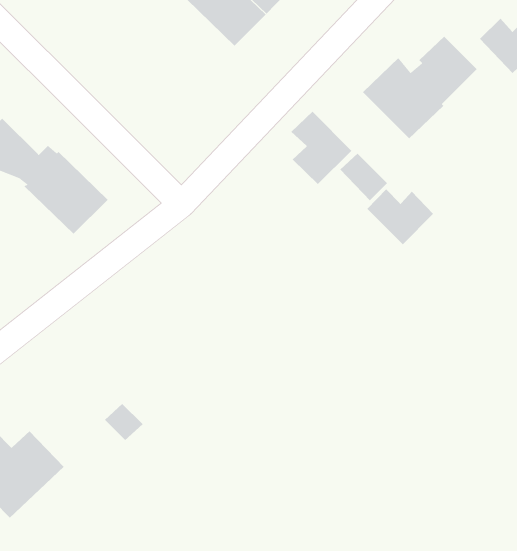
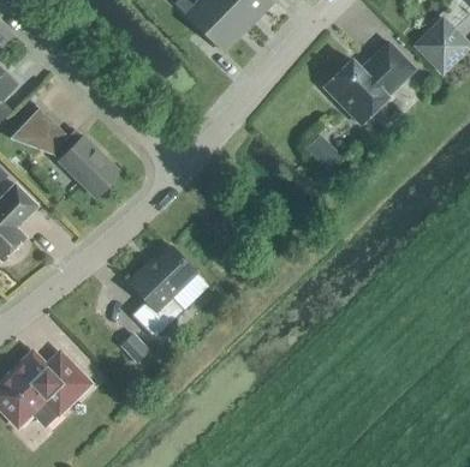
building: [291,111,352,185] -> none
building: [366,188,434,245] -> none
building: none -> [127,245,197,339]

